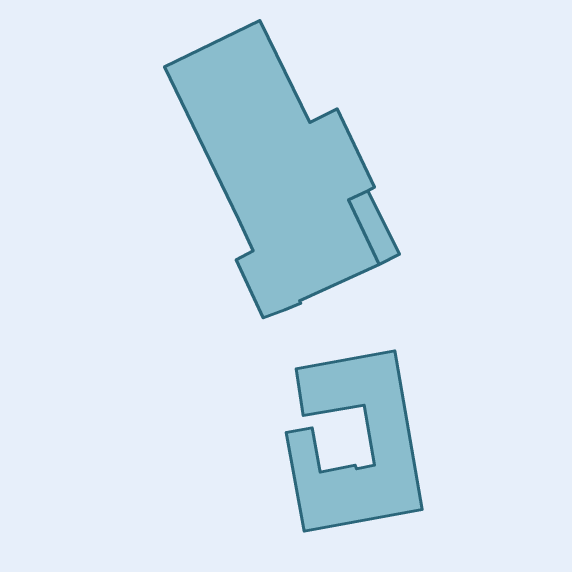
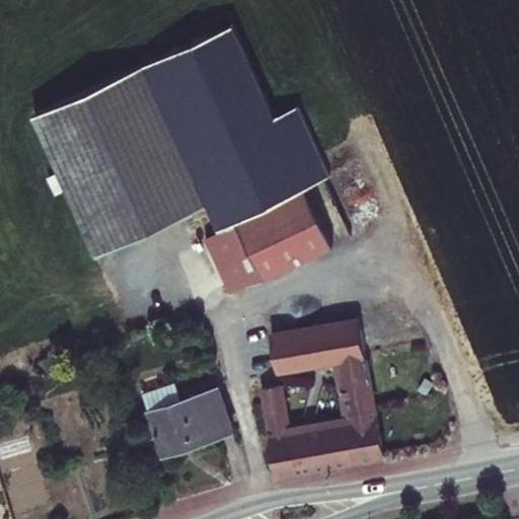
building: none -> [36,67,213,256]
building: none -> [136,387,228,461]

